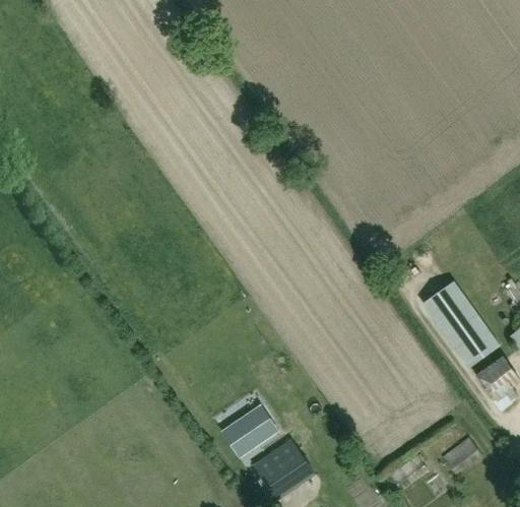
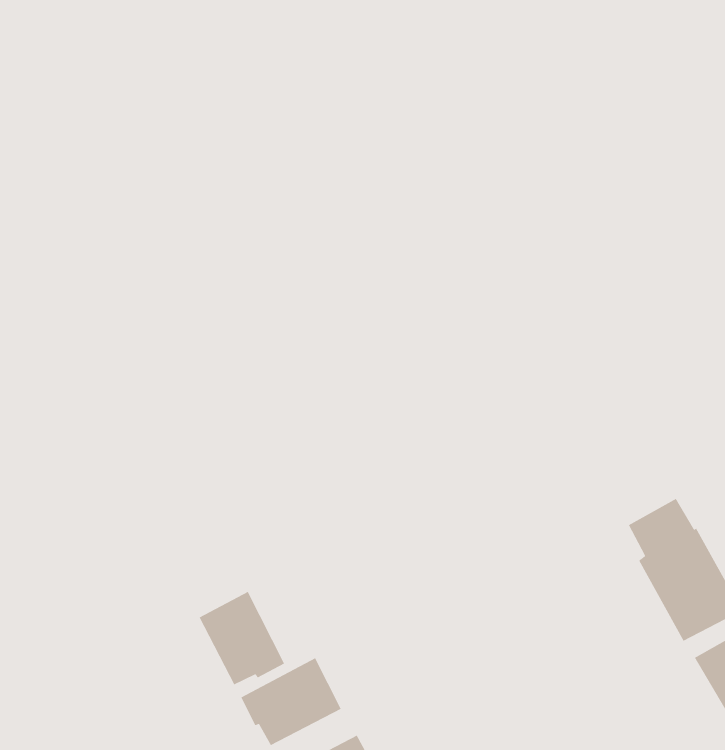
building: none -> [199,591,285,685]

